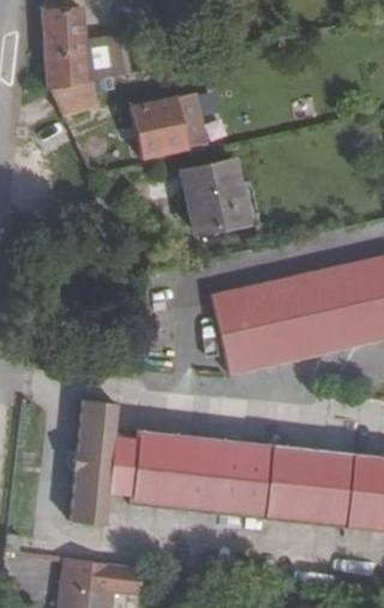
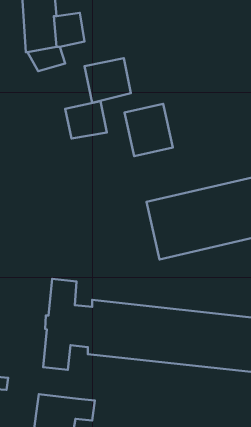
building: none -> [65,101,107,138]

